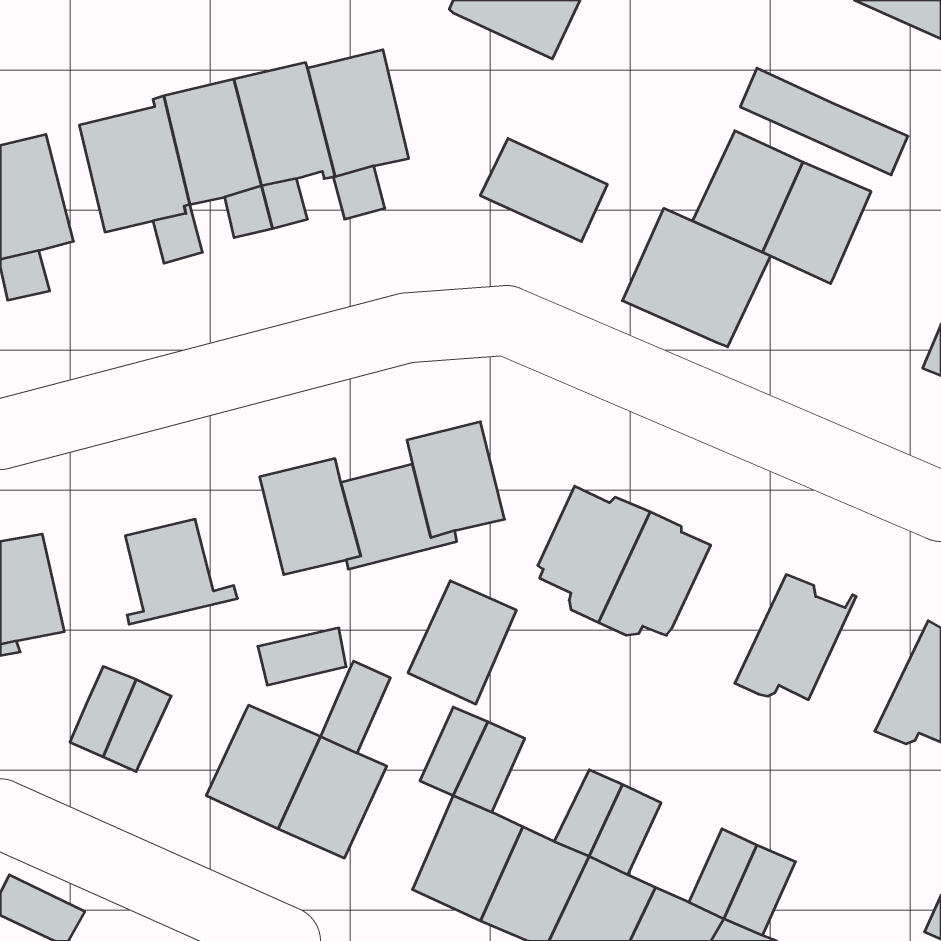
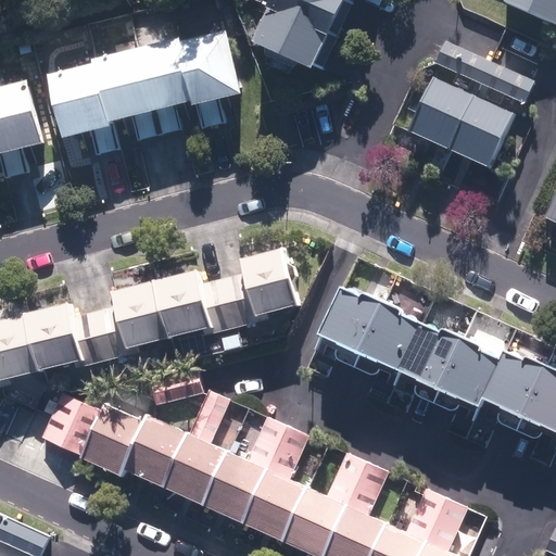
building: [480,138,607,242] -> [251,8,326,68]
building: [622,208,770,347] -> none
building: none -> [111,281,167,349]
building: none -> [23,302,85,372]
building: none -> [396,321,464,403]
building: [408,581,516,704] -> [203,452,267,525]
building: none -> [483,352,547,431]
building: none -> [79,403,144,476]

